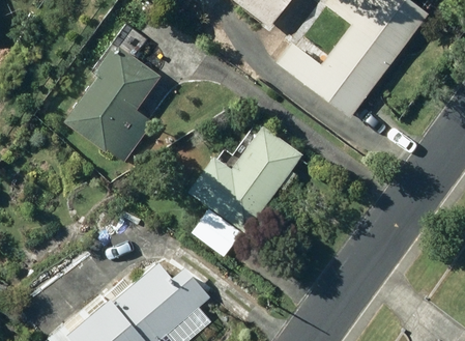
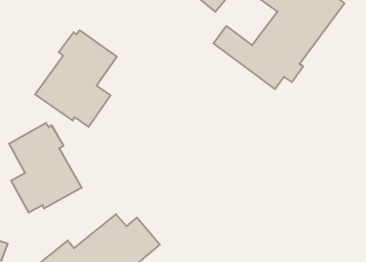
building: [184,126,302,257] -> none
building: none -> [9,123,82,213]

